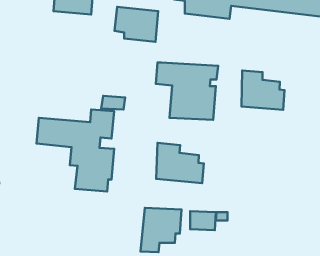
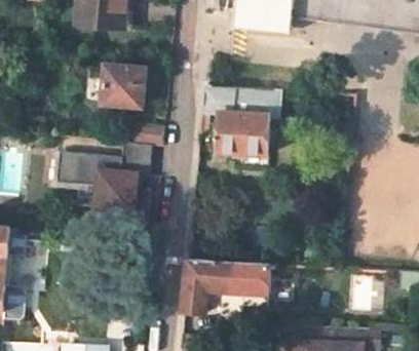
building: [115,7,158,42] -> [91,65,144,107]
building: [241,70,284,110] -> none
building: [156,143,204,183] -> none

